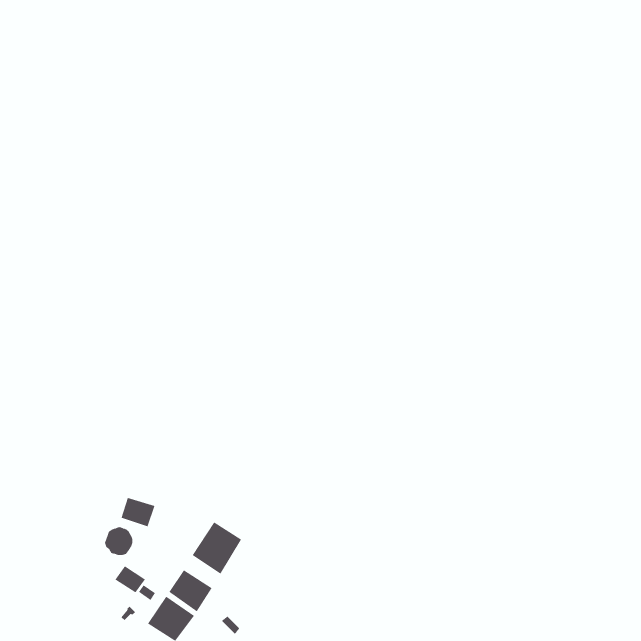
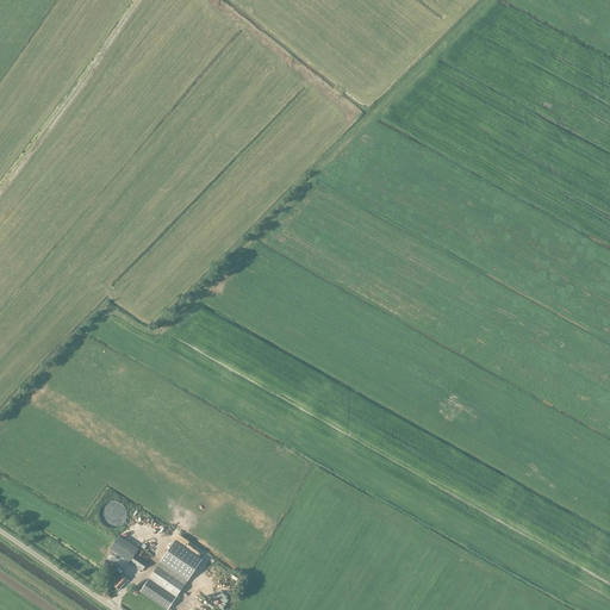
building: [121,497,155,527] -> none
building: [192,521,242,575] -> none

